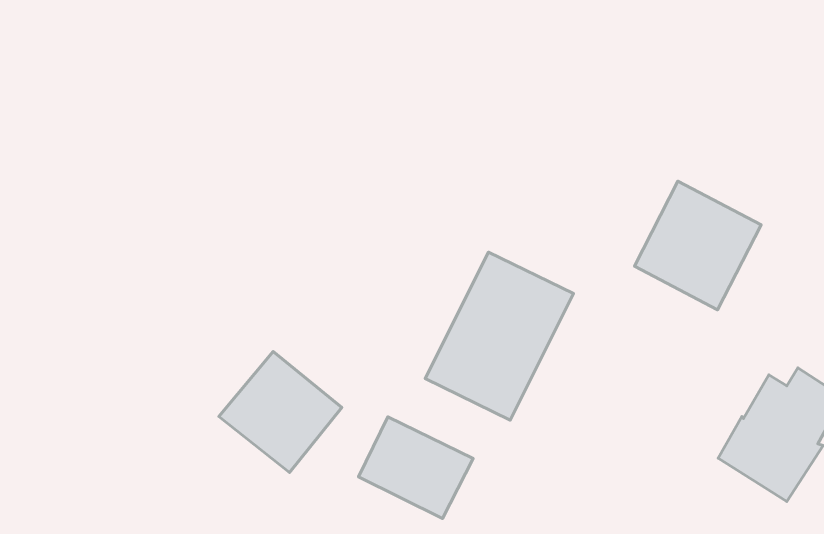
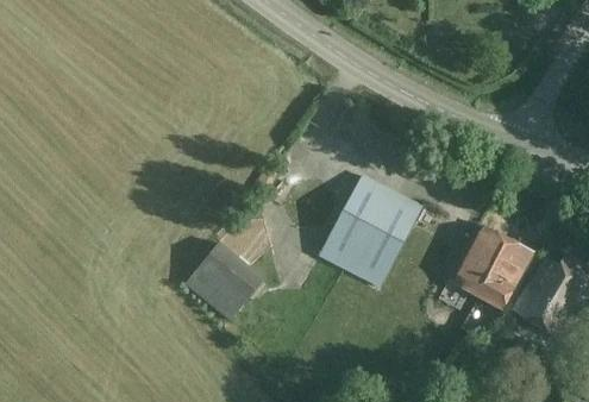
building: [634,181,761,310] -> [450,222,533,307]
building: [358,417,473,519] -> none

